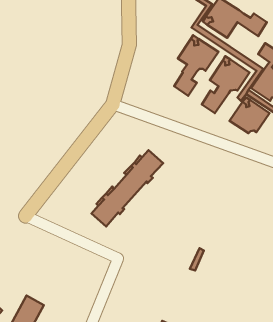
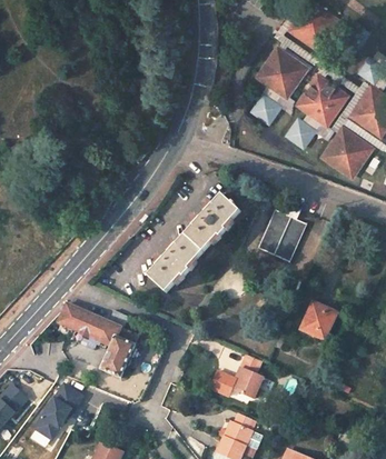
building: none -> [258,204,306,261]
building: none -> [299,301,337,340]
building: none -> [57,303,139,377]
building: none -> [207,353,261,397]

